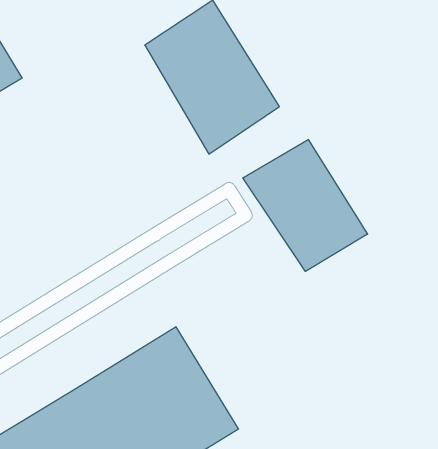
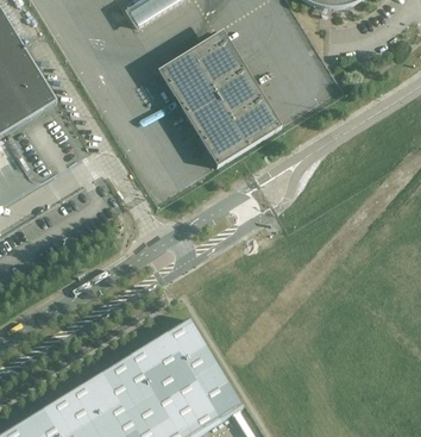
building: [243,140,368,271] -> none

